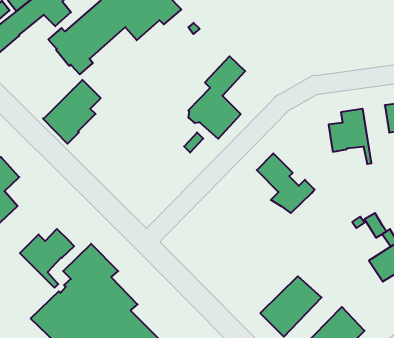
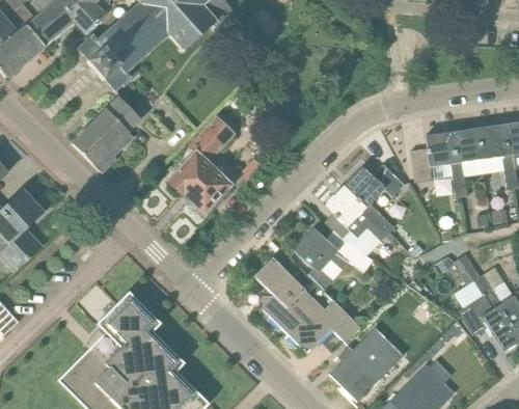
building: [188,56,245,139] -> [169,115,237,213]
building: none -> [452,127,483,195]
building: none -> [346,163,405,222]
building: none -> [294,227,374,290]
building: none -> [255,256,361,353]
building: [20,229,74,288] -> none

